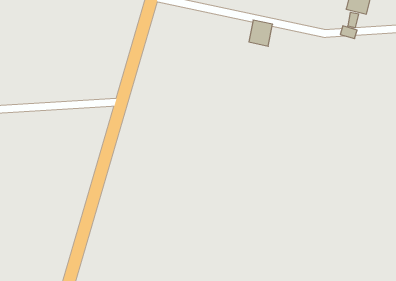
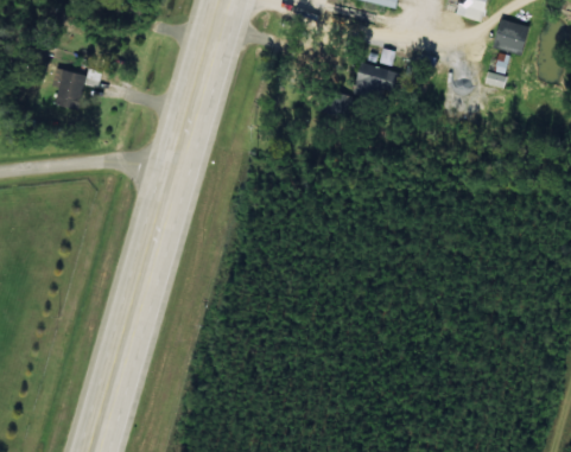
building: none -> [56,70,85,107]

